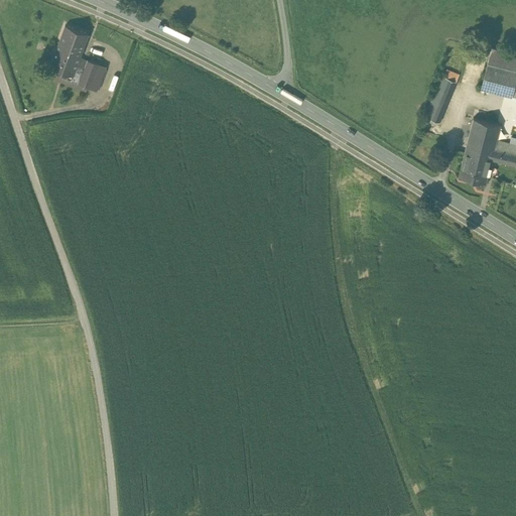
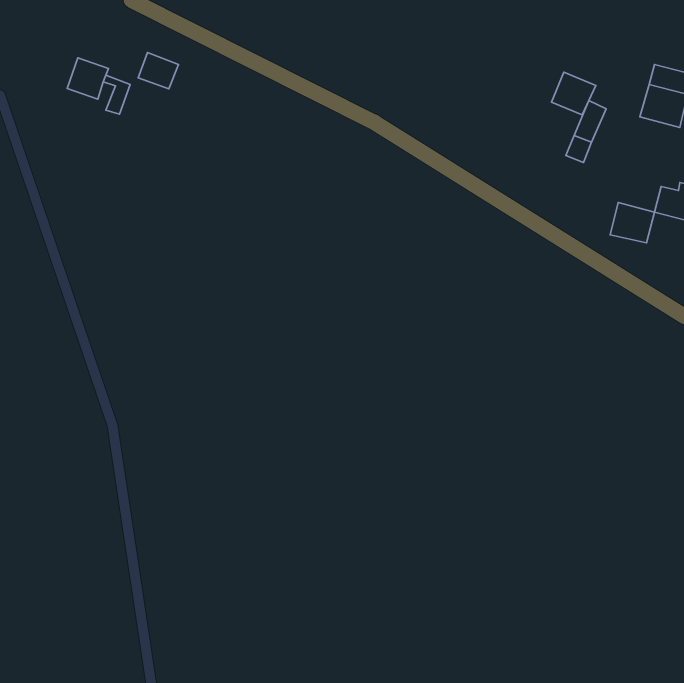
building: [59,26,90,53] -> [138,52,178,89]
building: none -> [552,72,596,115]
building: [466,120,502,161] -> none

